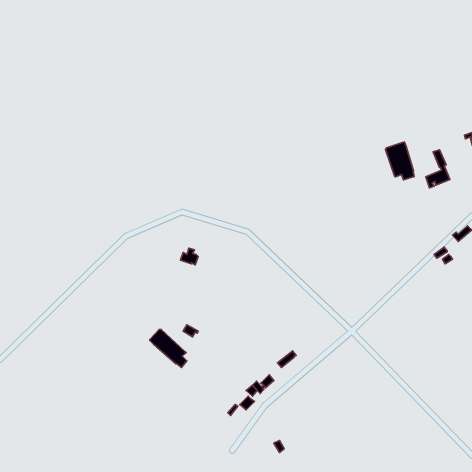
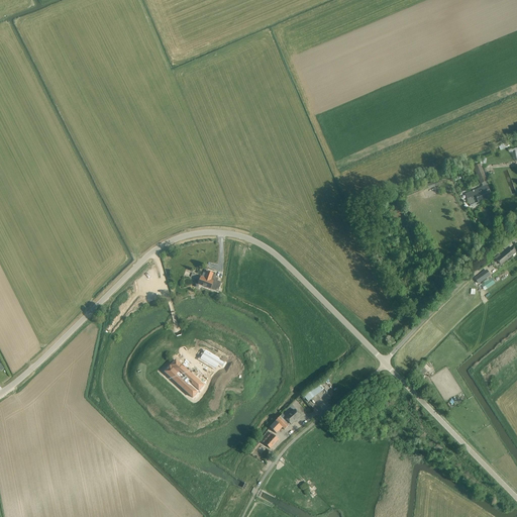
building: [385,142,414,180] -> none

